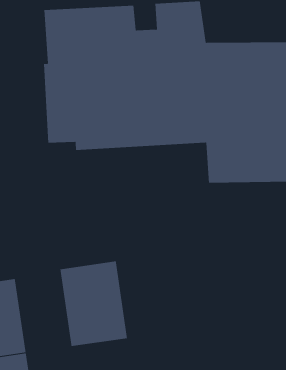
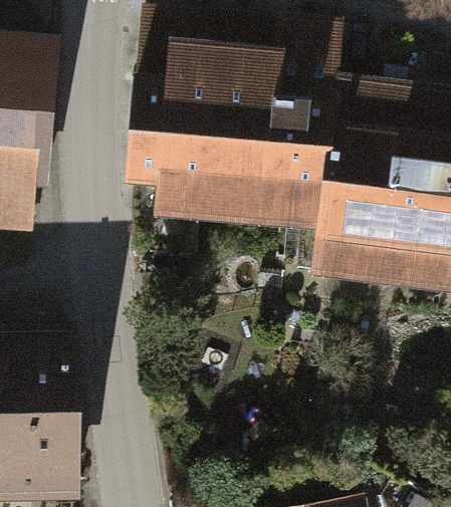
building: [60,261,127,347] -> none

